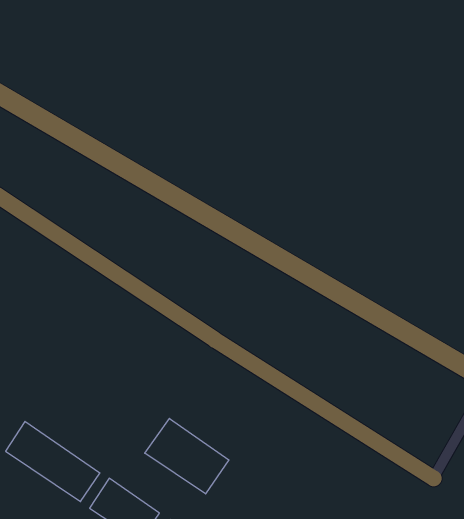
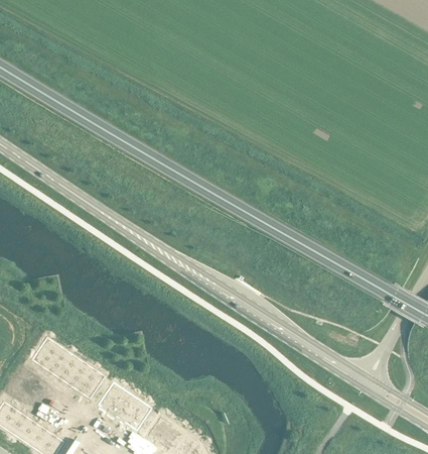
building: [145,418,229,494] -> none

